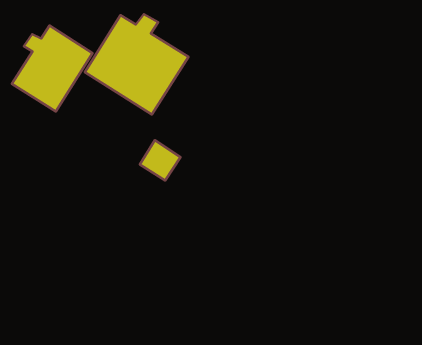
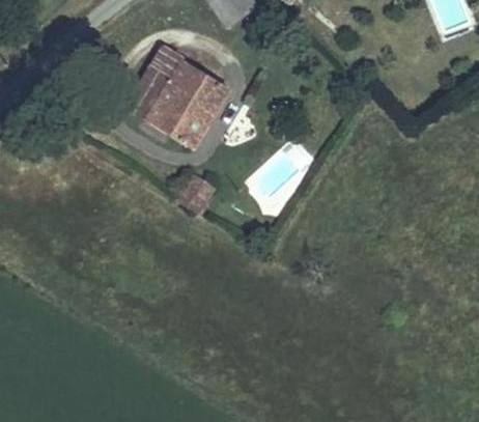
building: [12,26,93,111] -> none

